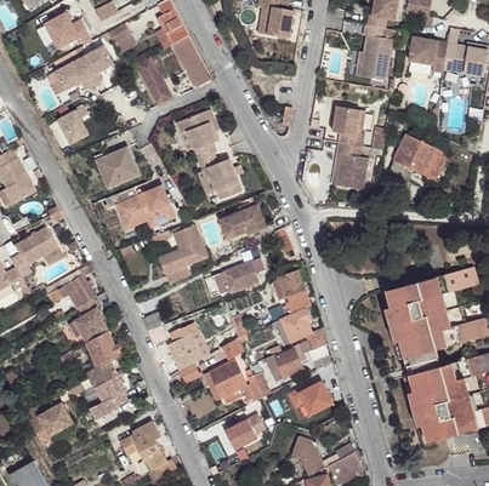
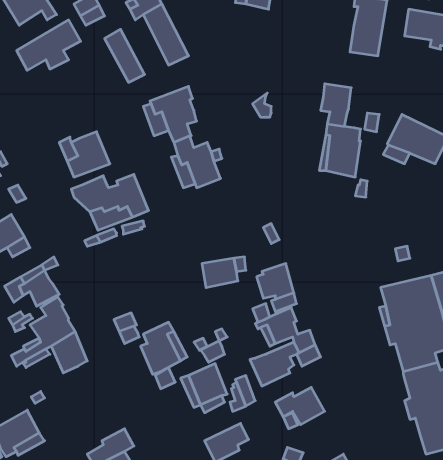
building: [55,109,86,147] -> none
building: [217,204,266,236] -> none
building: [158,225,206,286] -> none
building: [86,362,126,422] -> none

